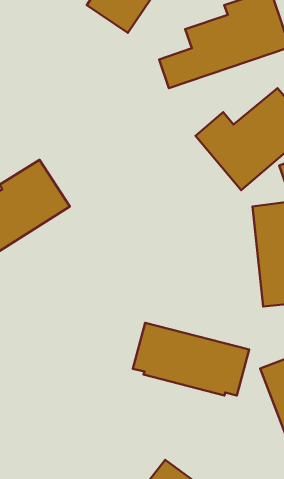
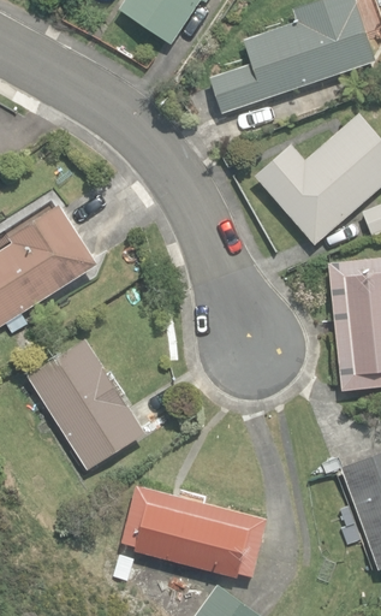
building: none -> [26,338,144,469]
building: [133,323,249,395] -> [120,485,267,576]

